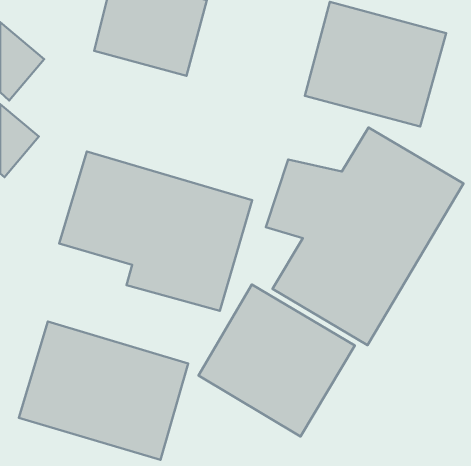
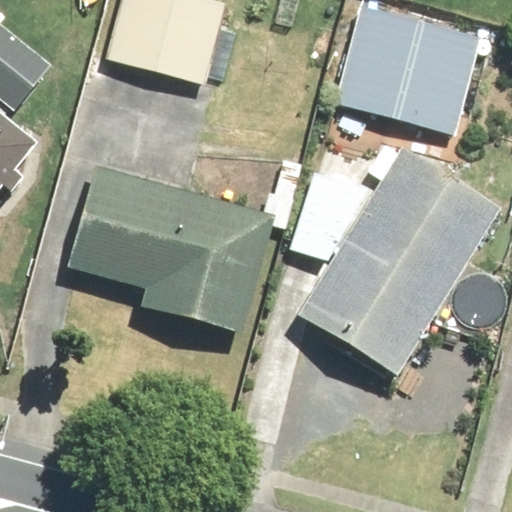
building: [199,285,355,436] -> none
building: [19,321,188,460] -> none

